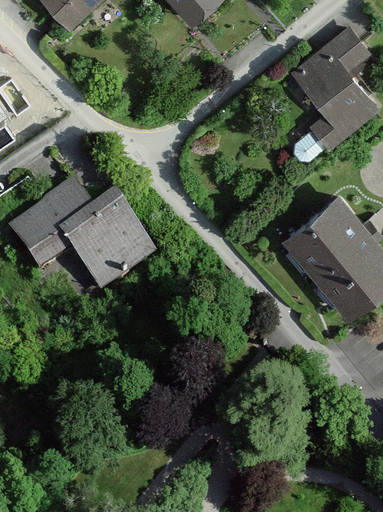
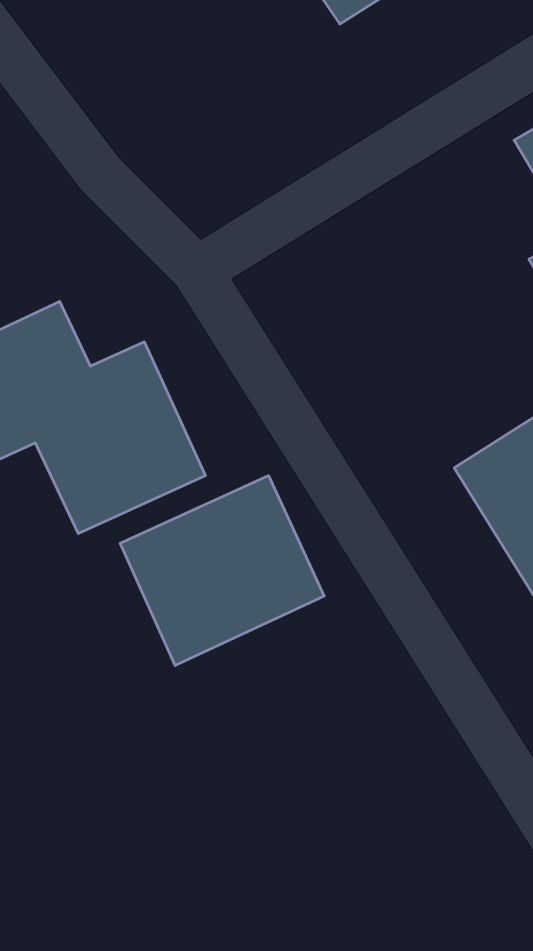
building: none -> [120,476,324,666]

